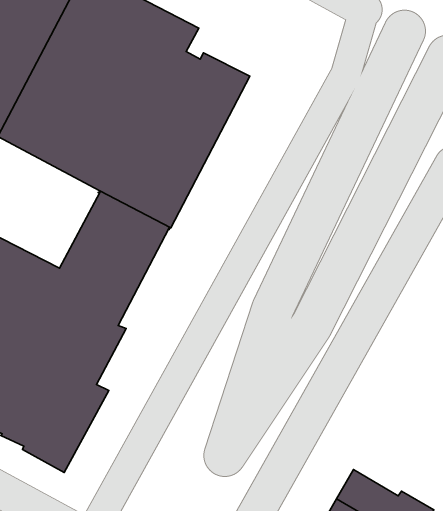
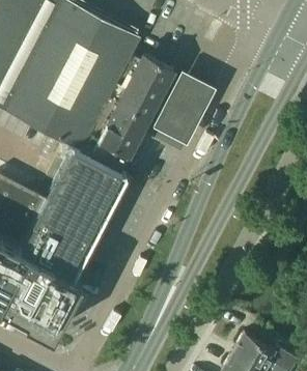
building: none -> [150,61,214,135]

